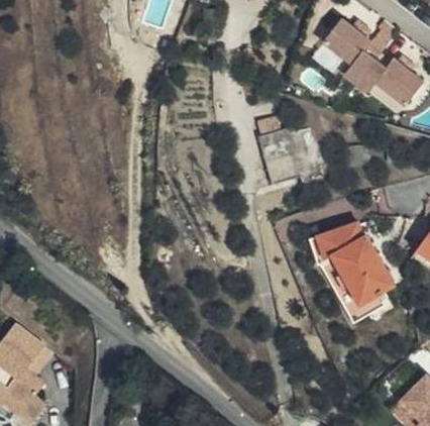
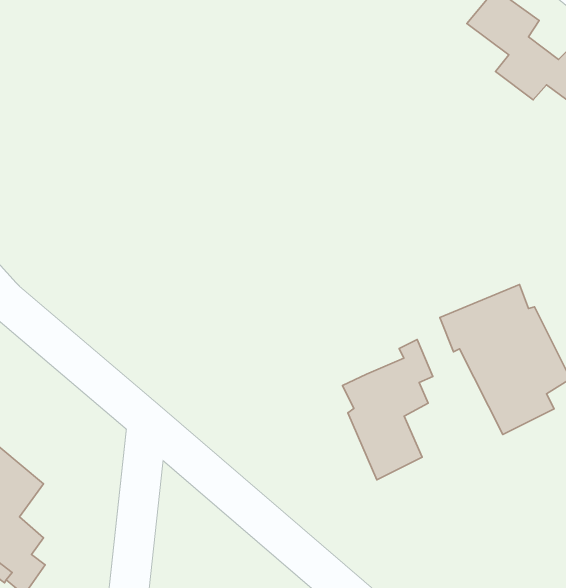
building: [259,113,306,178] -> none
building: none -> [342,340,433,480]

